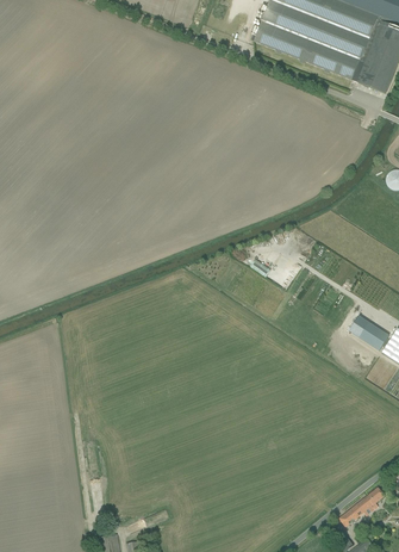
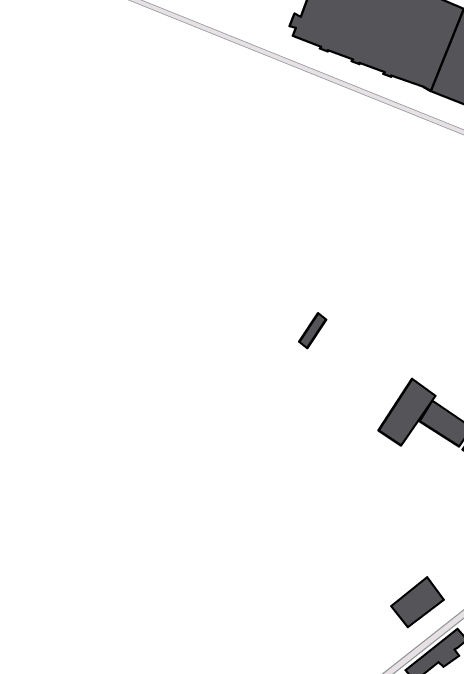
building: none -> [379,379,436,446]
building: none -> [391,577,444,627]

